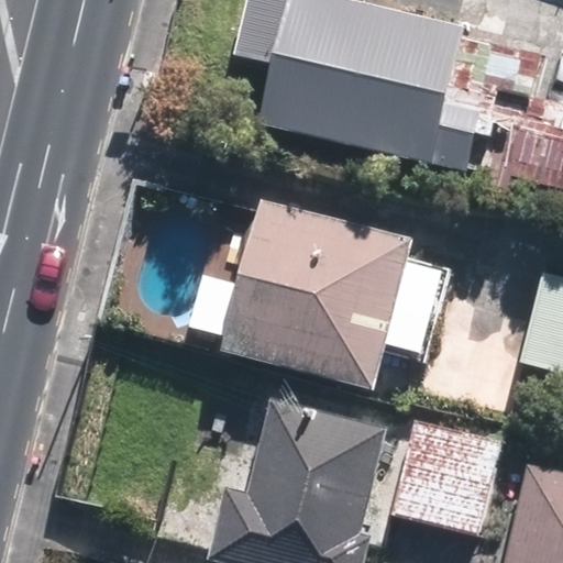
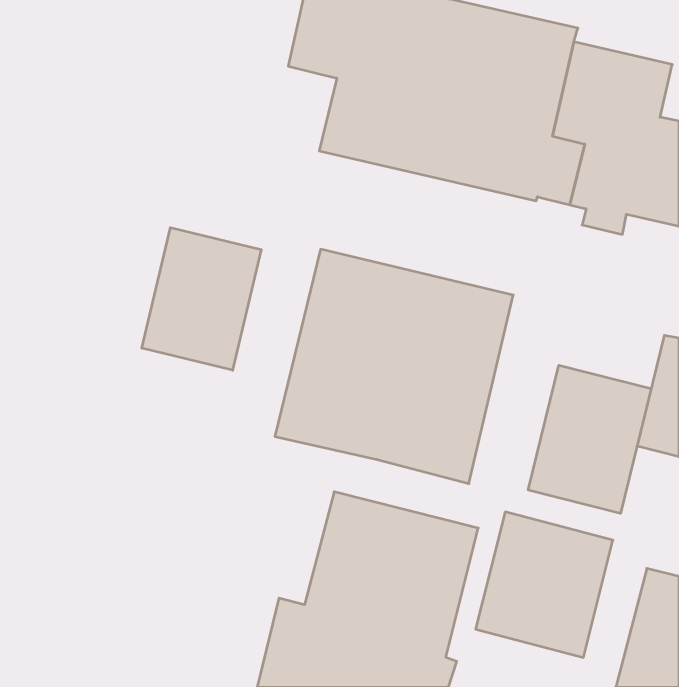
building: none -> [142,228,261,370]
building: none -> [528,365,651,513]

